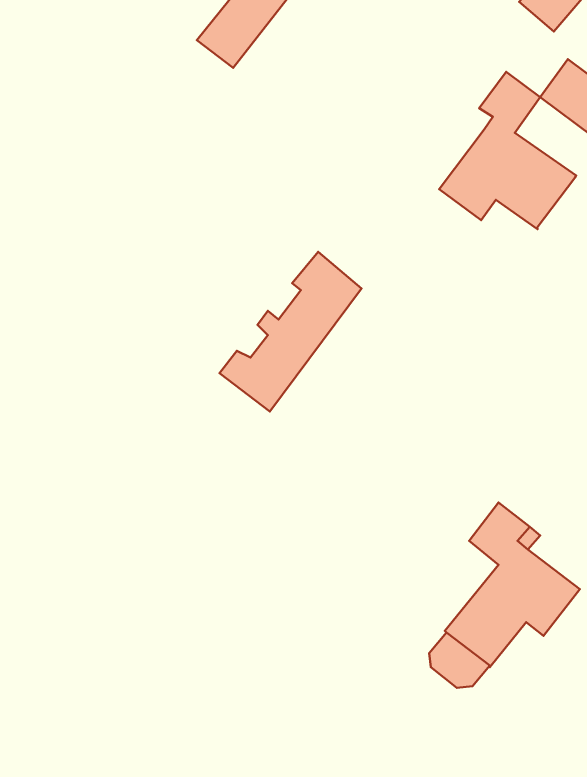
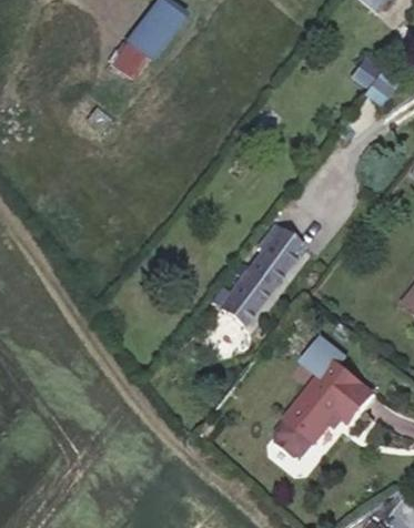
building: [439,72,576,229] -> none
building: [219,252,362,411] -> [214,223,305,325]

